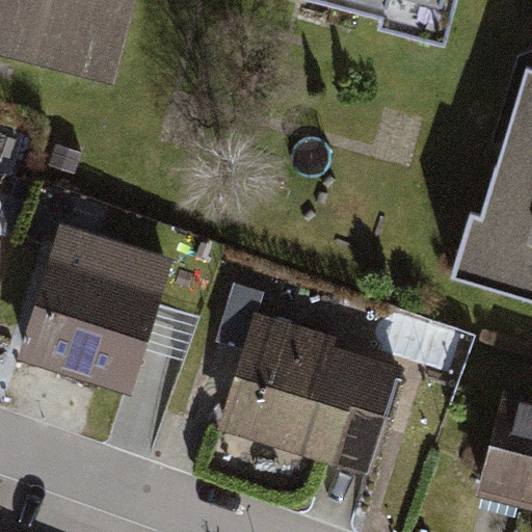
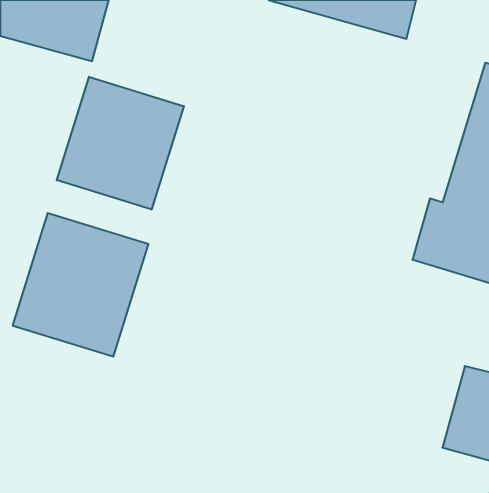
building: none -> [57,77,184,210]
building: [221,316,399,470] -> none

